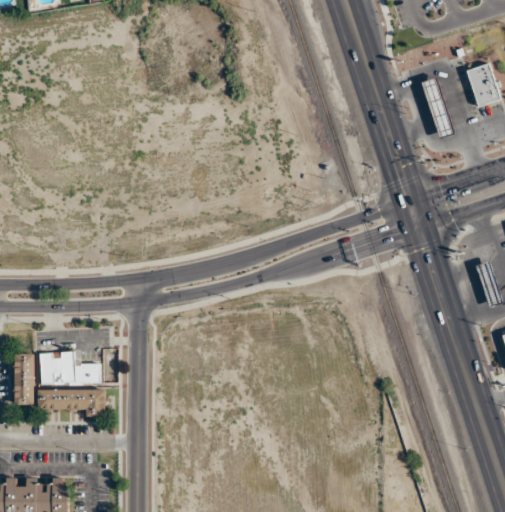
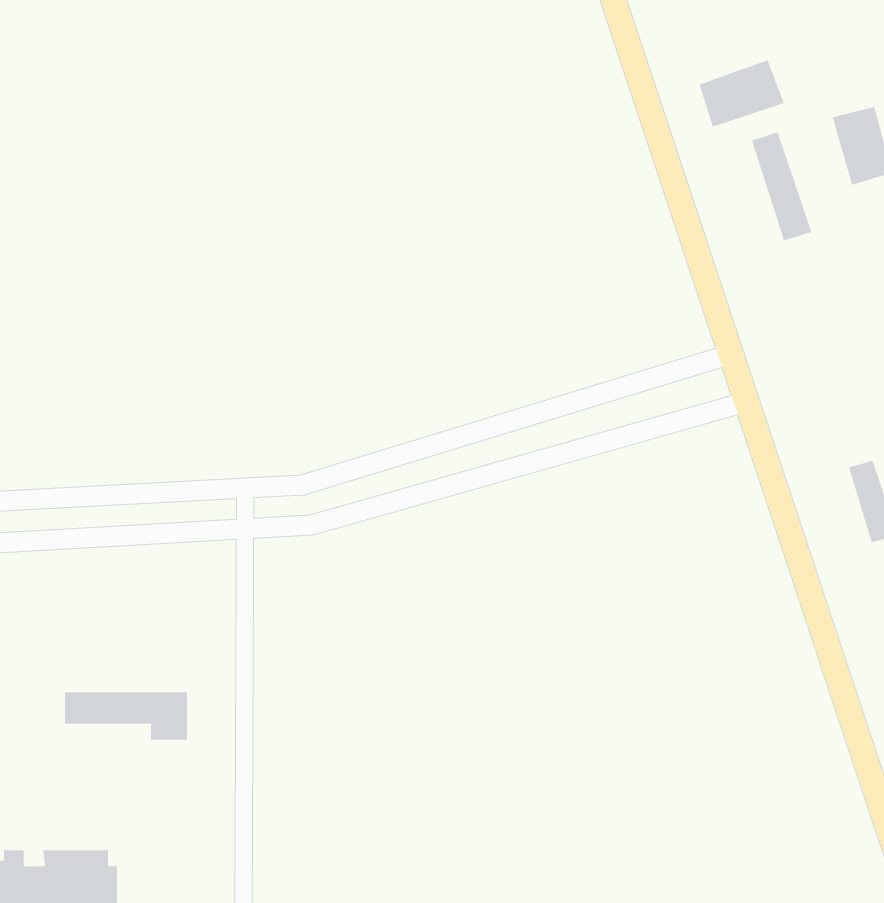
building: none -> [699,60,784,127]
building: [39,352,100,385] -> none
building: [14,354,35,405] -> none

